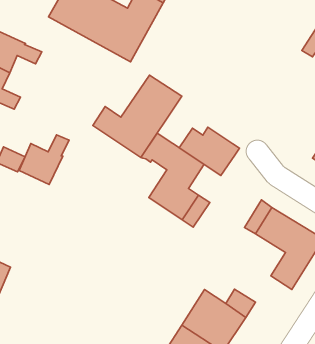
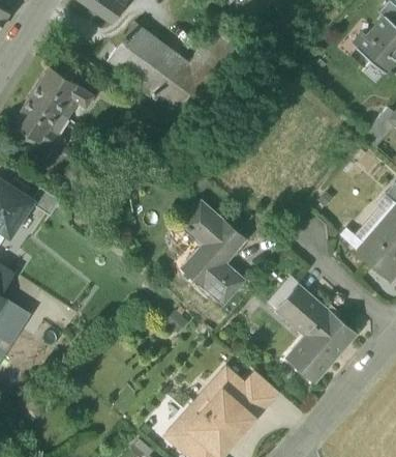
building: [93,75,182,158] -> none
building: [179,127,239,175] -> none
building: [19,135,69,184] -> none

